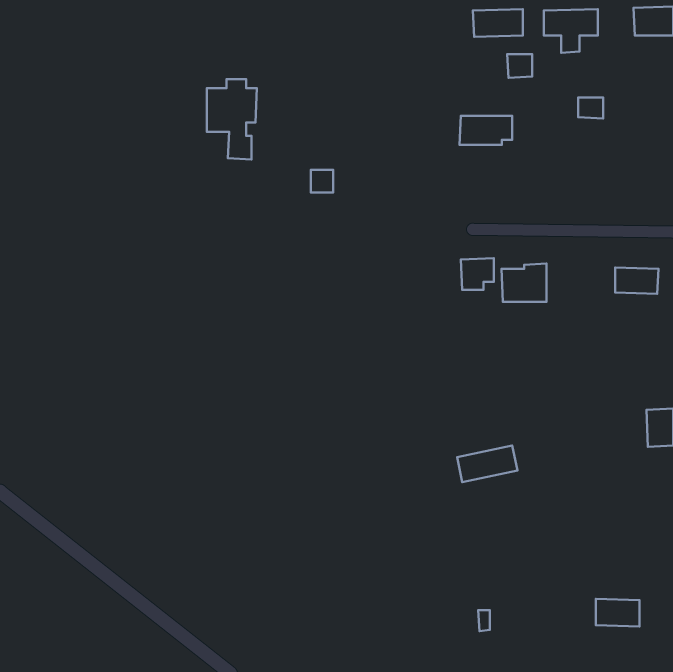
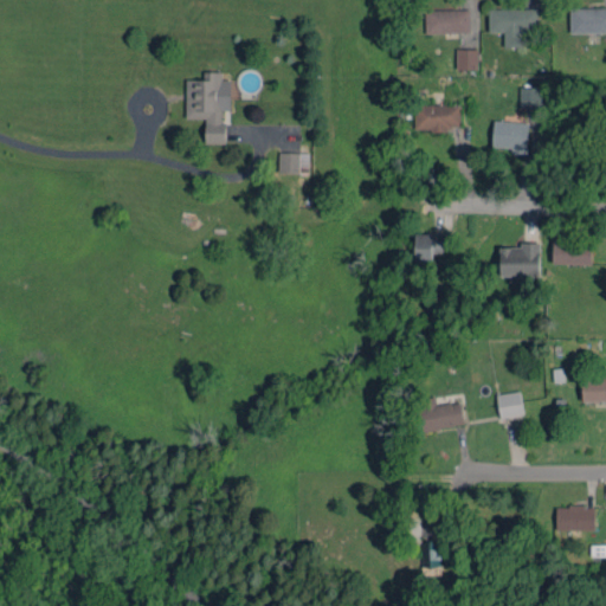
building: none -> [492,122,528,155]
building: [502,264,546,302] -> [499,243,540,277]
building: none -> [496,392,523,419]
building: [596,599,639,626] -> [556,507,595,531]

